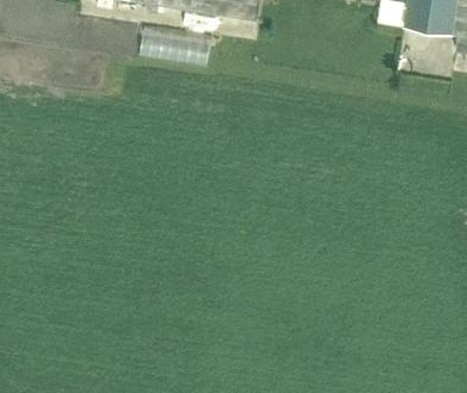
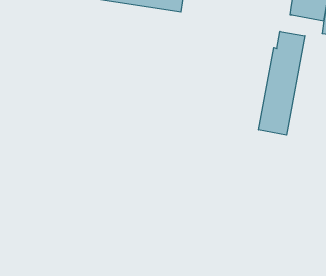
building: none -> [259,31,305,135]

